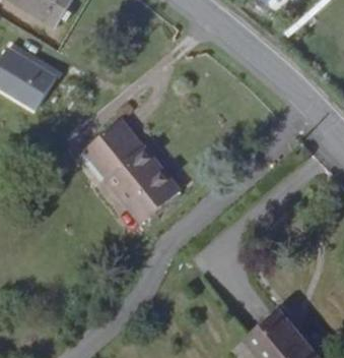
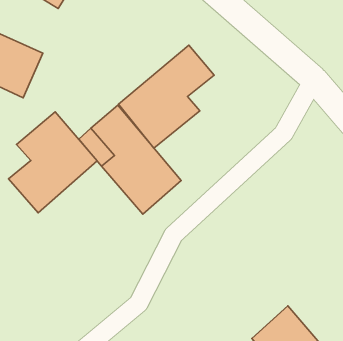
building: none -> [119,45,214,148]
building: none -> [9,112,97,213]

